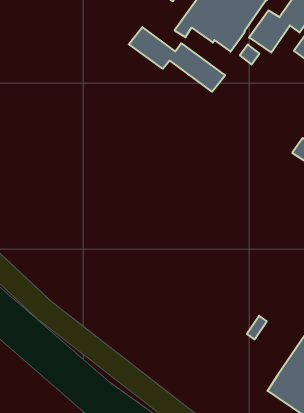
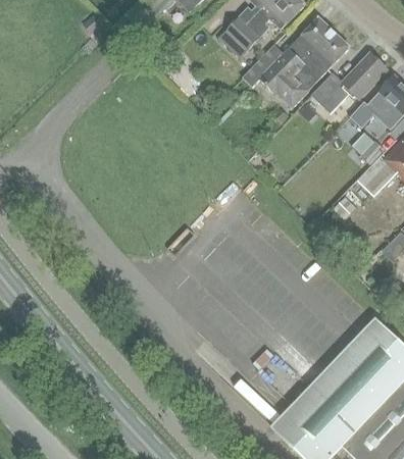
building: [129,27,225,92] -> none

